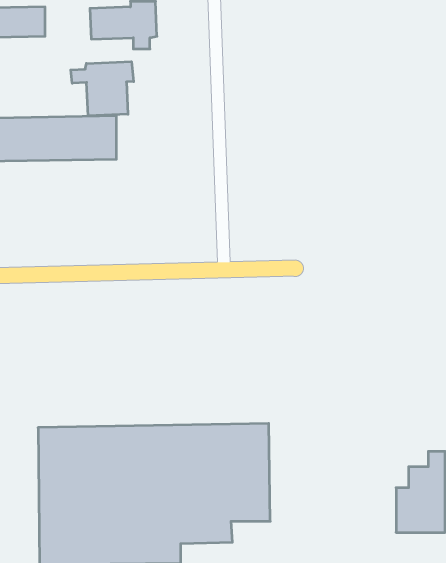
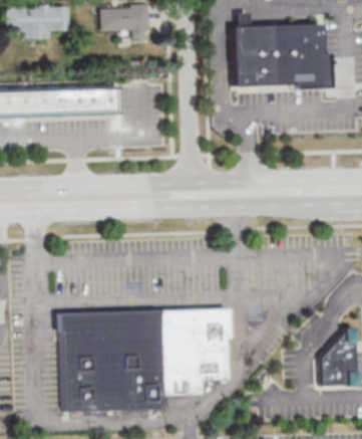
building: none -> [230,13,328,90]
building: [71,62,134,116] -> none

